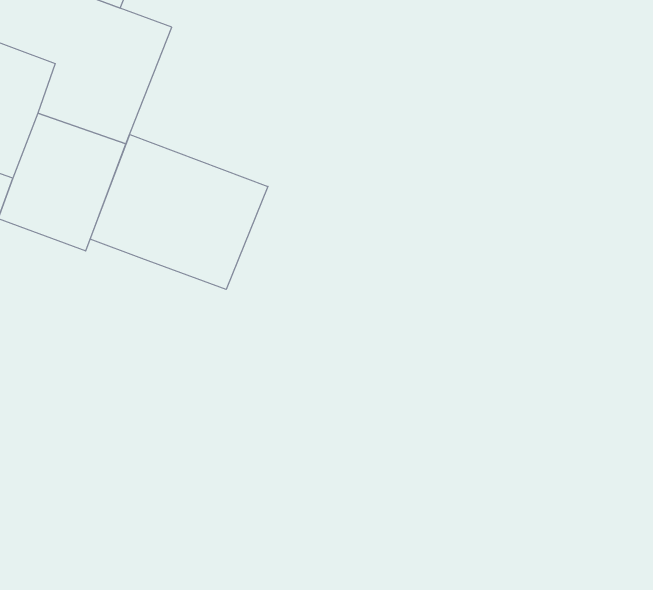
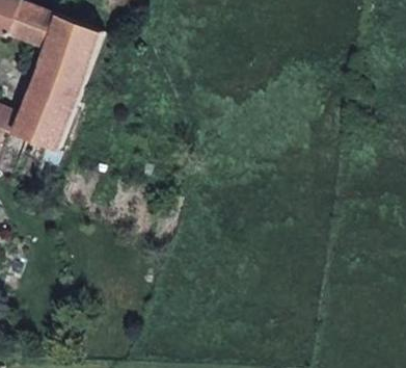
building: [90,135,268,289] -> none

